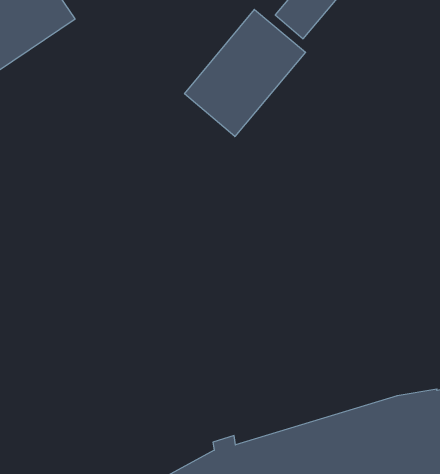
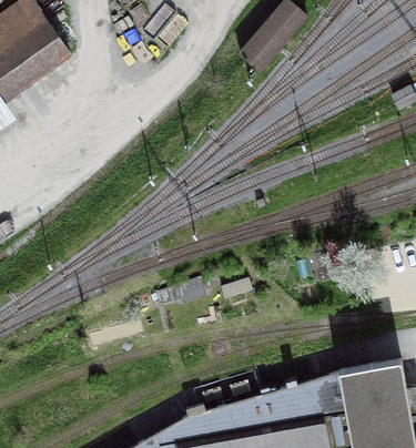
building: [185,9,306,137] -> none

